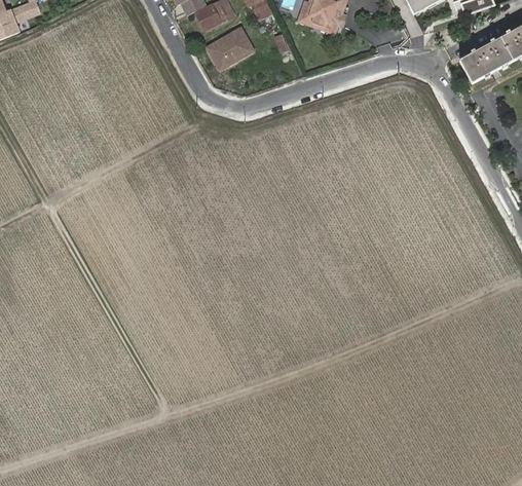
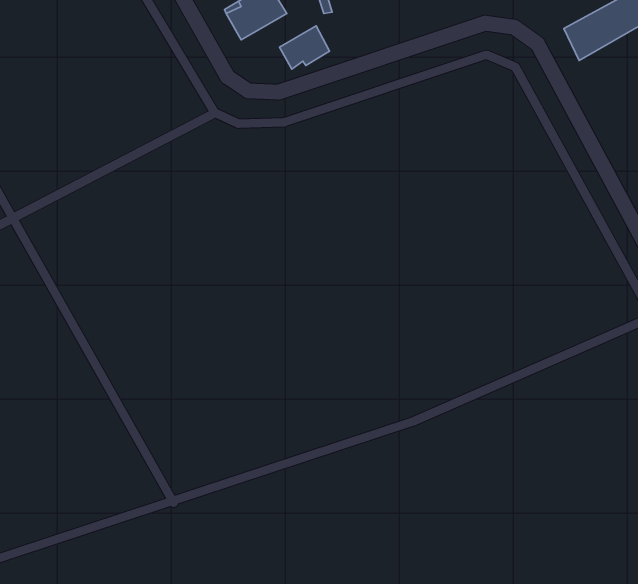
building: none -> [279,26,330,69]

